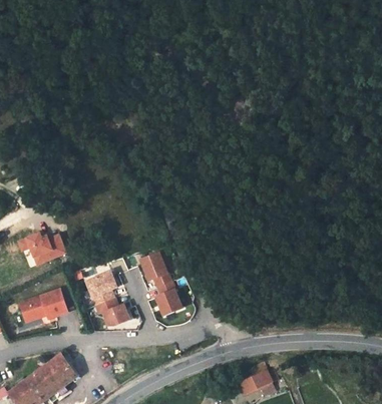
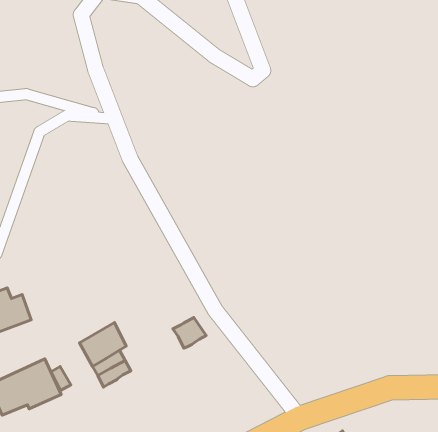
building: [138,251,168,282] -> none
building: [154,287,183,316] -> none
building: [101,302,130,326] -> none

